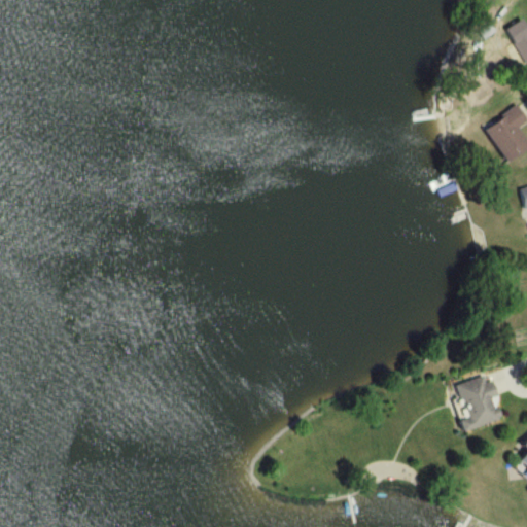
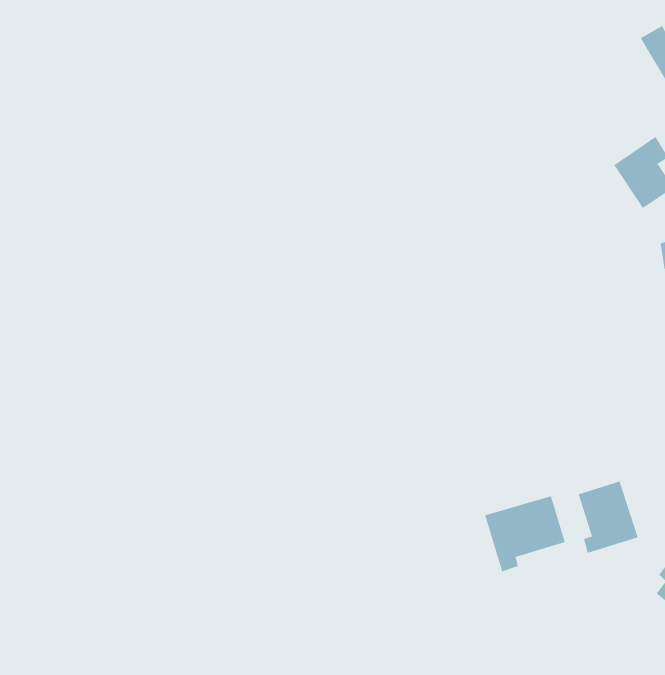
building: none -> [484,495,566,572]

